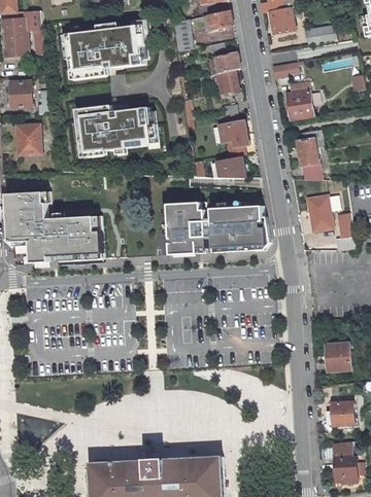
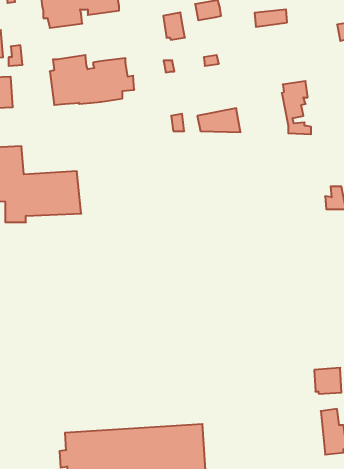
building: [217,68,238,94] -> [163,13,185,40]
building: [285,79,312,117] -> none
building: [211,118,247,155] -> none
building: [310,193,333,229] -> none
building: [168,202,271,254] -> none
building: [326,343,350,369] -> none

